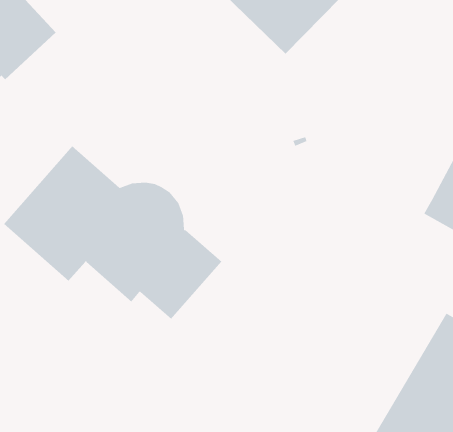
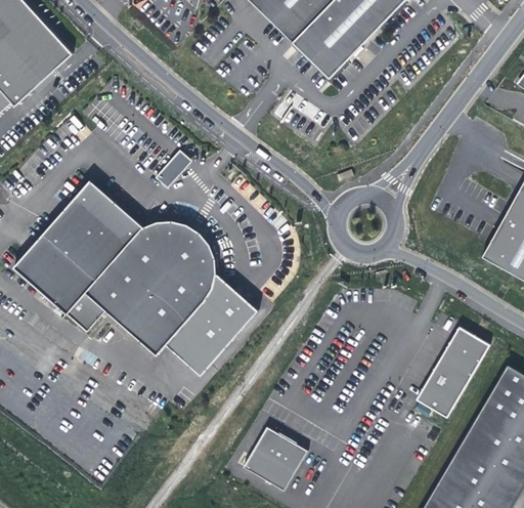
building: none -> [154,150,191,188]
building: none -> [417,326,490,417]
building: none -> [244,426,308,491]

